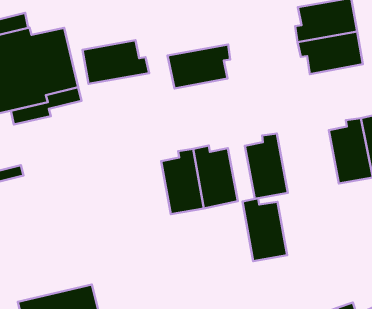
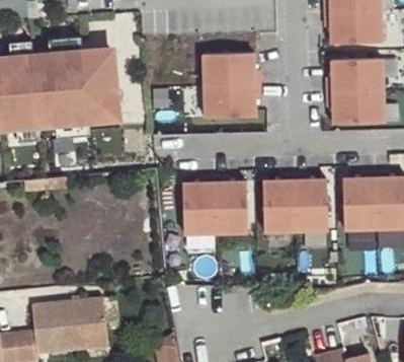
building: [82,40,149,84] -> [203,59,261,93]
building: [242,198,287,261] -> [295,179,329,237]

